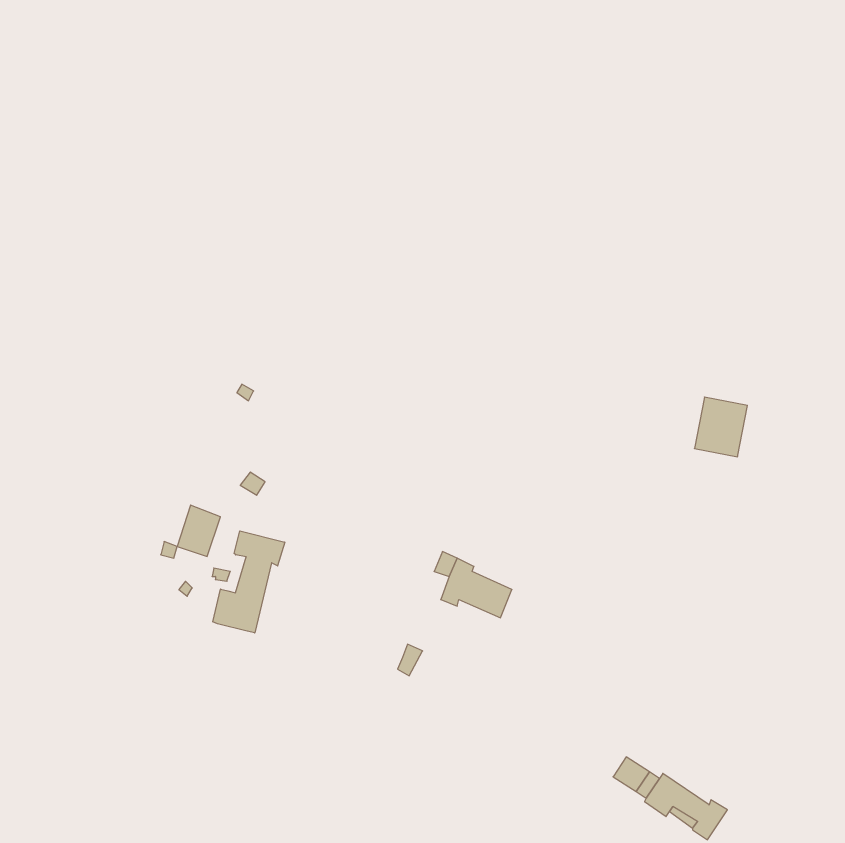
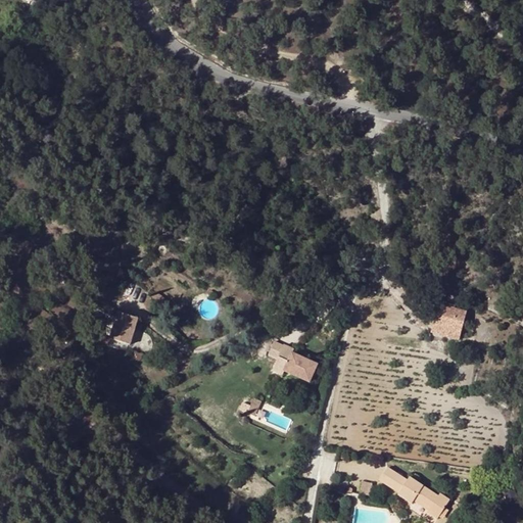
building: [694,397,747,457] -> [435,301,468,338]
building: [213,531,285,633] -> none

